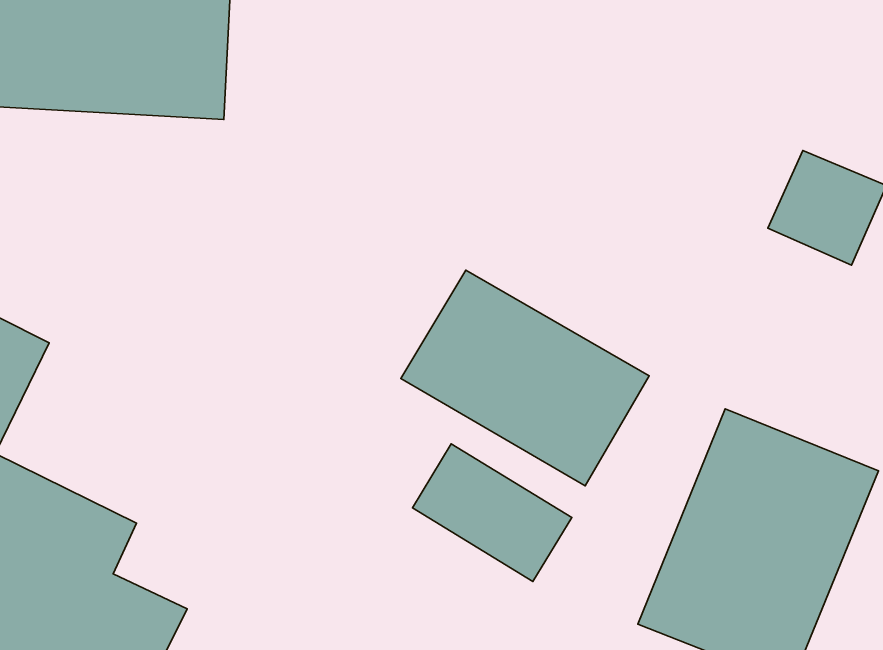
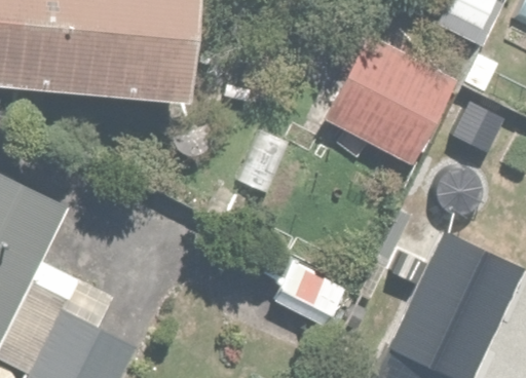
building: none -> [321,35,458,172]
building: [401,270,649,486] -> none

